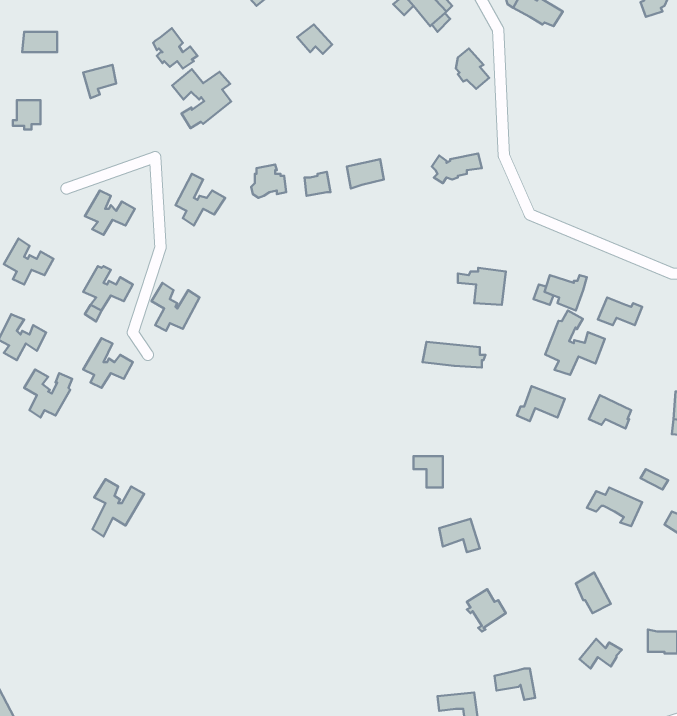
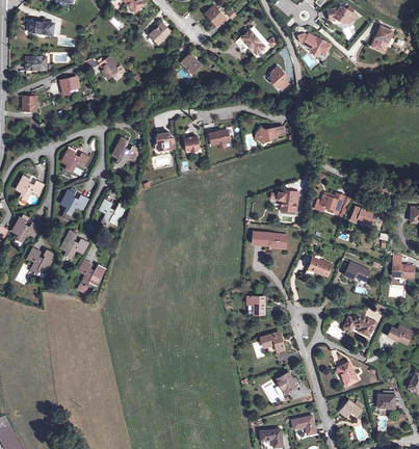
building: [172,69,231,128] -> none
building: [545,311,605,375] -> none
building: [92,479,144,536] -> [77,260,106,292]

